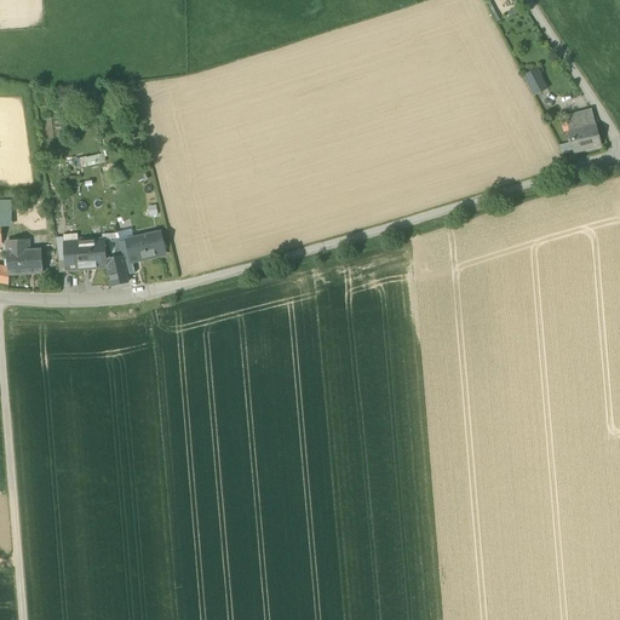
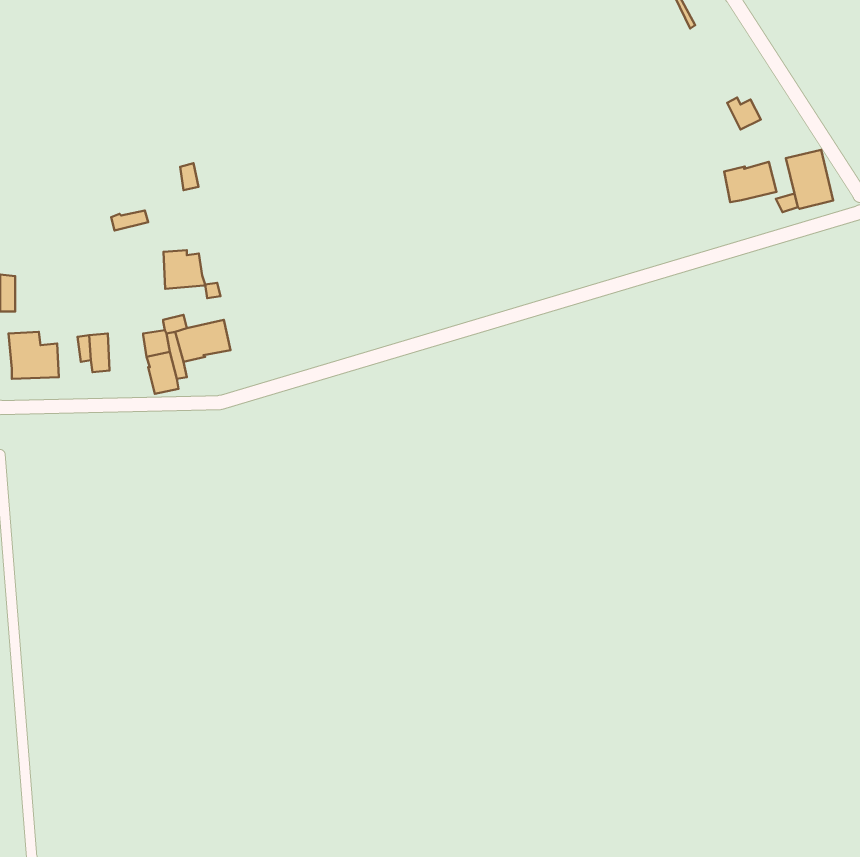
building: none -> [724,162,776,202]
building: [78,239,108,266] -> [163,250,205,289]

